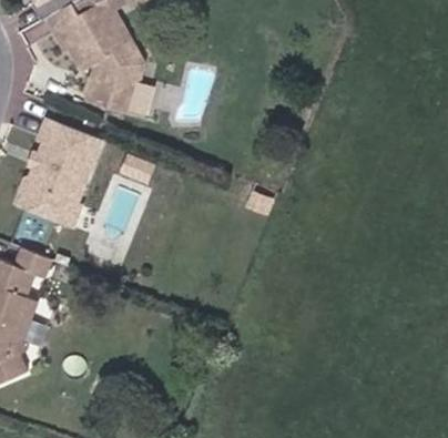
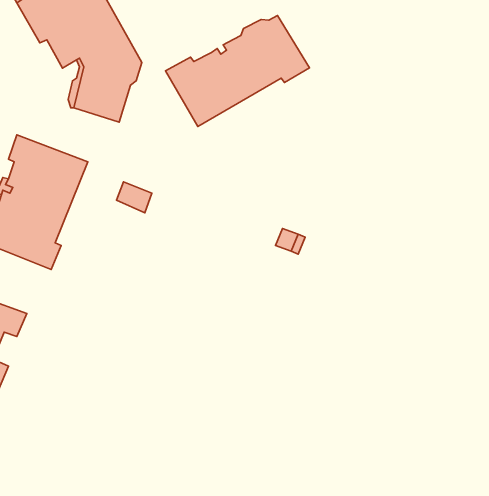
building: none -> [166,16,309,127]

